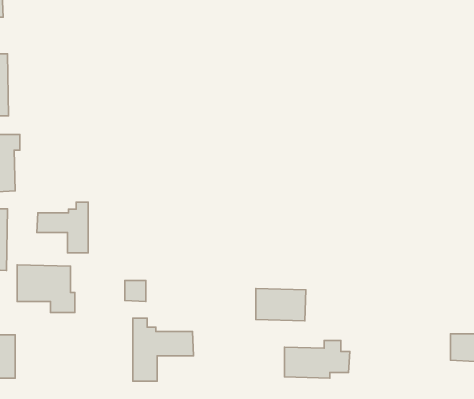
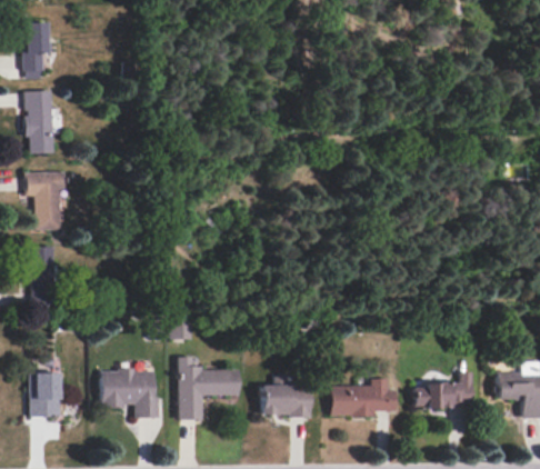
building: [37,202,88,253] -> none
building: [17,265,75,313] -> [101,370,159,418]
building: [256,289,306,321] -> [260,385,310,417]
building: none -> [413,372,472,407]

